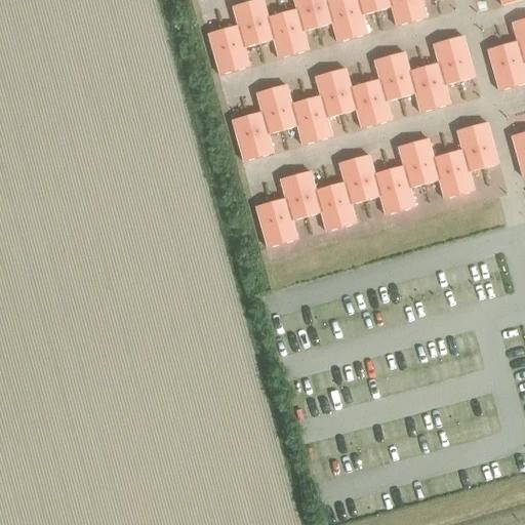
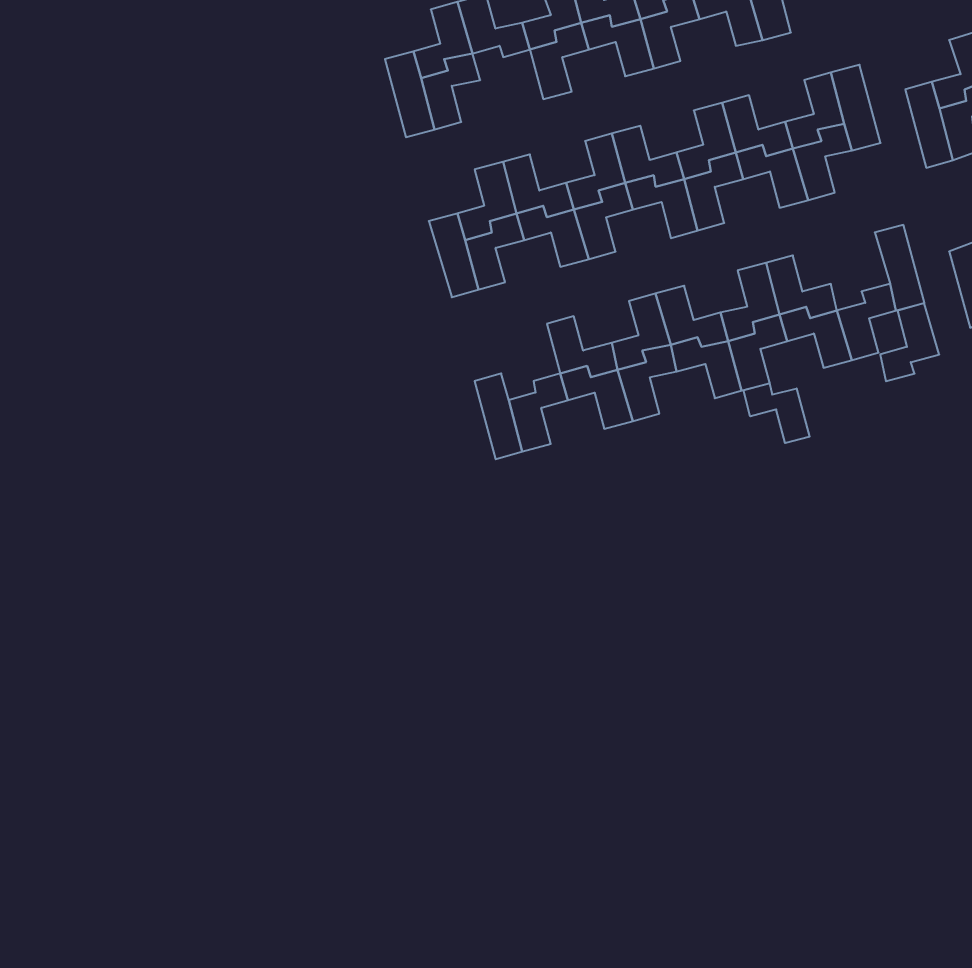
building: [255,25,293,57] -> none
building: [448,125,480,167] -> [880,303,939,381]
building: [271,174,302,215] -> none
building: none -> [744,383,810,443]

